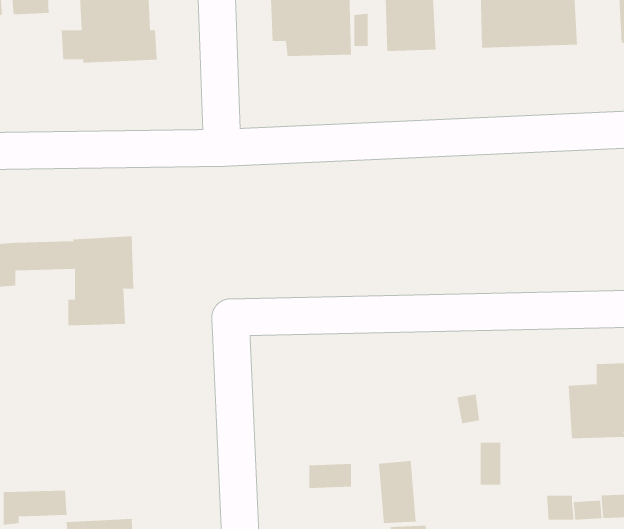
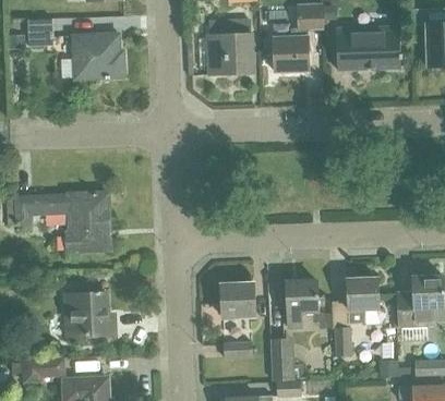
building: none -> [347,278,384,325]
building: none -> [286,280,317,327]
building: none -> [221,283,254,317]
building: none -> [65,294,115,337]

